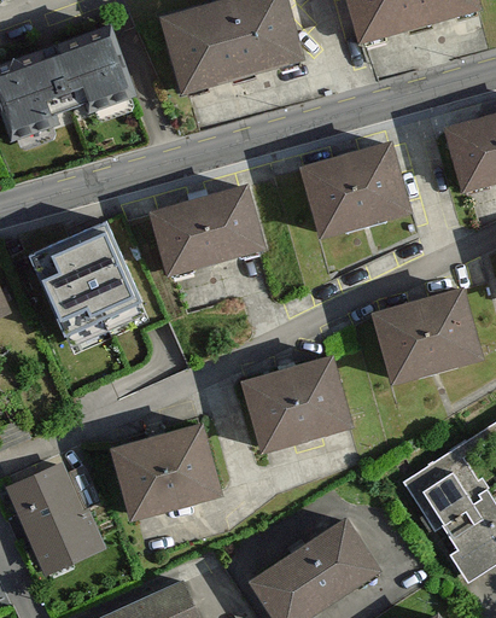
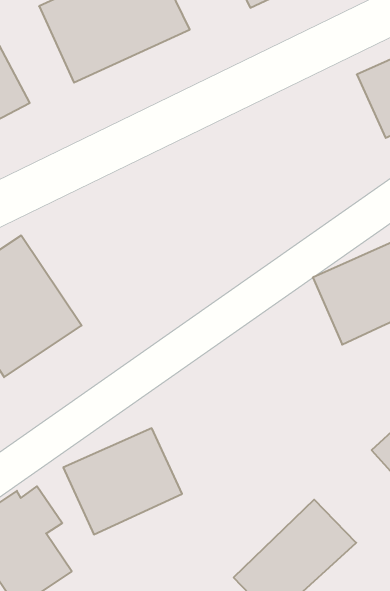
building: [302,147,407,238] -> none
building: [147,187,258,276] -> none
building: [244,354,352,448] -> none

